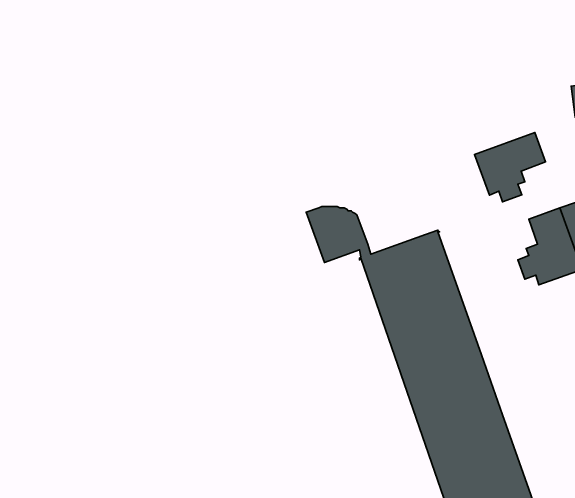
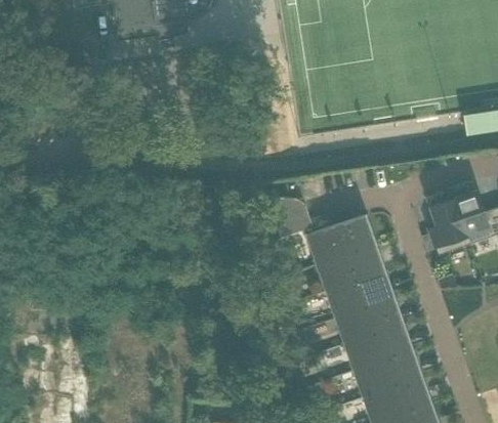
building: [474,132,545,202] -> none

